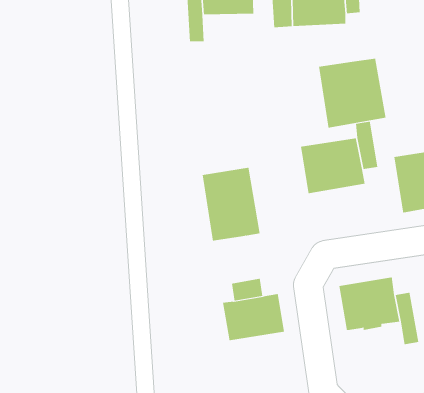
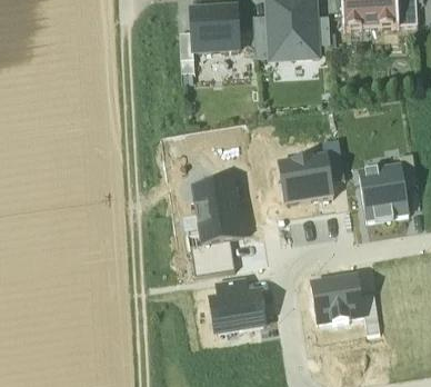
building: [319,58,386,128] -> none
building: none -> [192,239,235,274]

